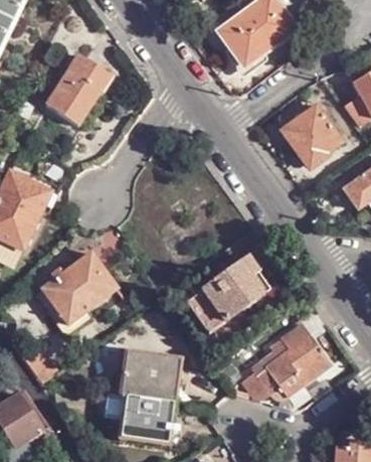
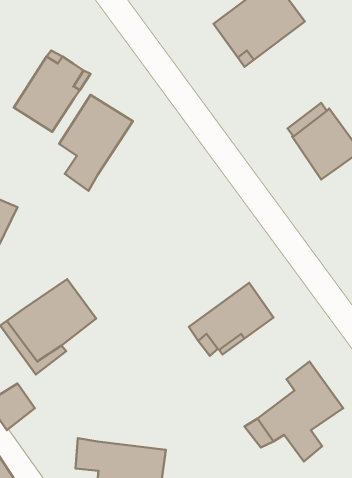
building: none -> [59,95,133,191]
building: [116,348,181,400] -> none

